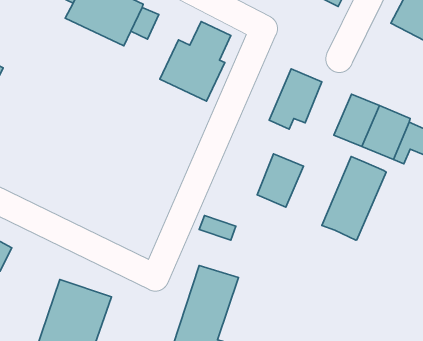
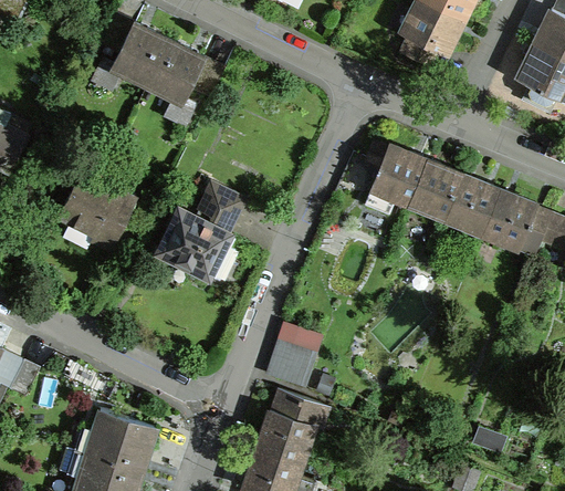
building: [160,22,231,101] -> [154,179,243,280]
building: none -> [55,167,139,247]
building: [257,154,303,207] -> [407,155,465,222]
building: [322,156,386,240] -> none
building: none -> [261,342,313,389]

